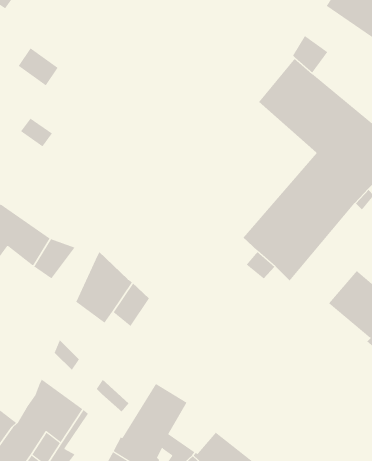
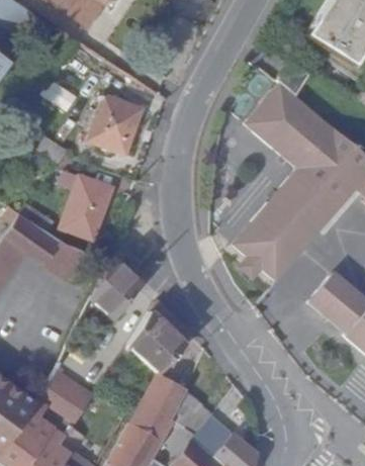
building: none -> [88,95,144,156]
building: none -> [58,169,112,241]
building: none -> [127,301,188,374]
building: none -> [171,393,213,437]

